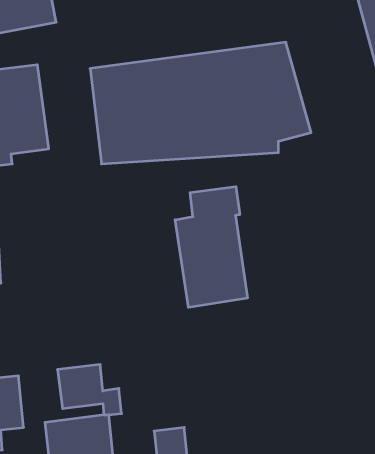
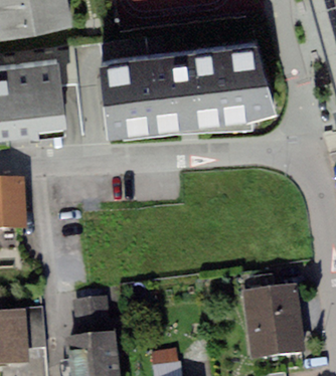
building: [175,187,247,307] -> none
building: none -> [238,275,306,363]

